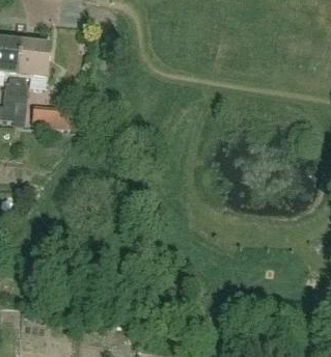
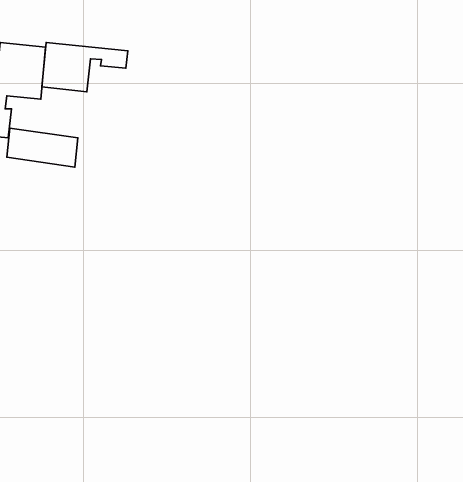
building: none -> [42,42,128,92]

